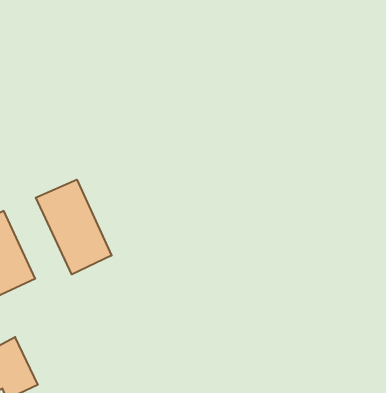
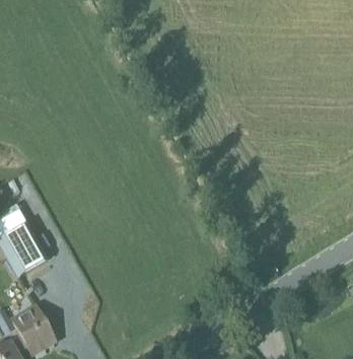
building: [36,180,112,274] -> none

